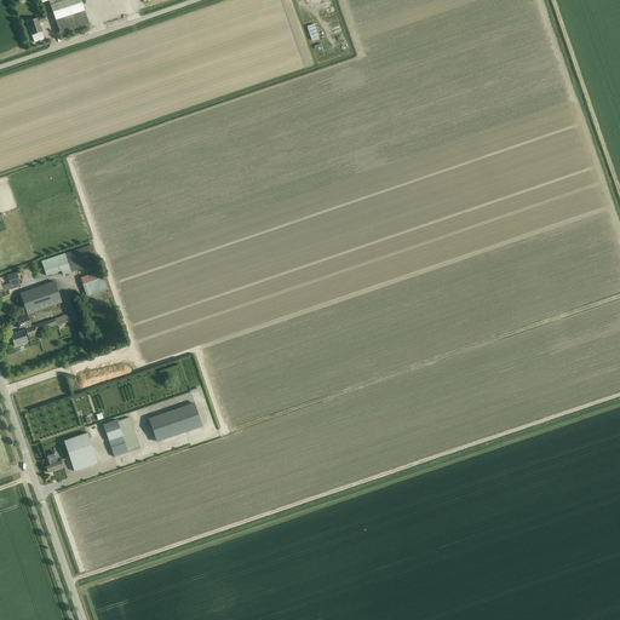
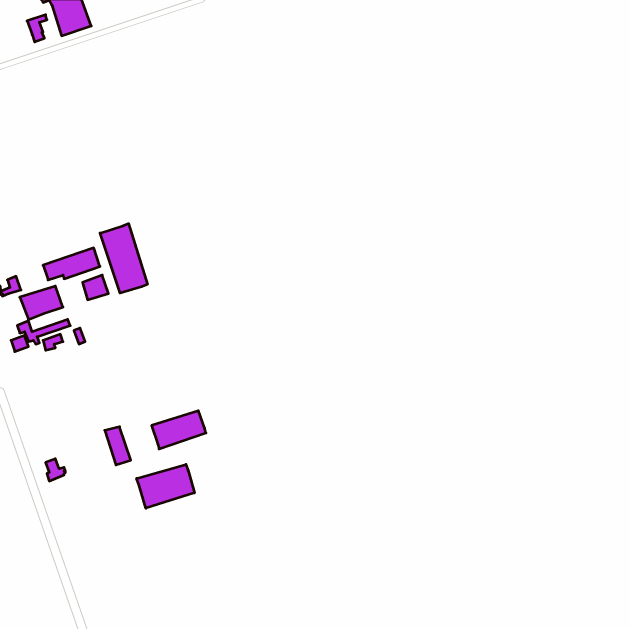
building: none -> [100,224,147,293]
building: [64,431,97,470] -> none
building: none -> [137,464,194,508]

